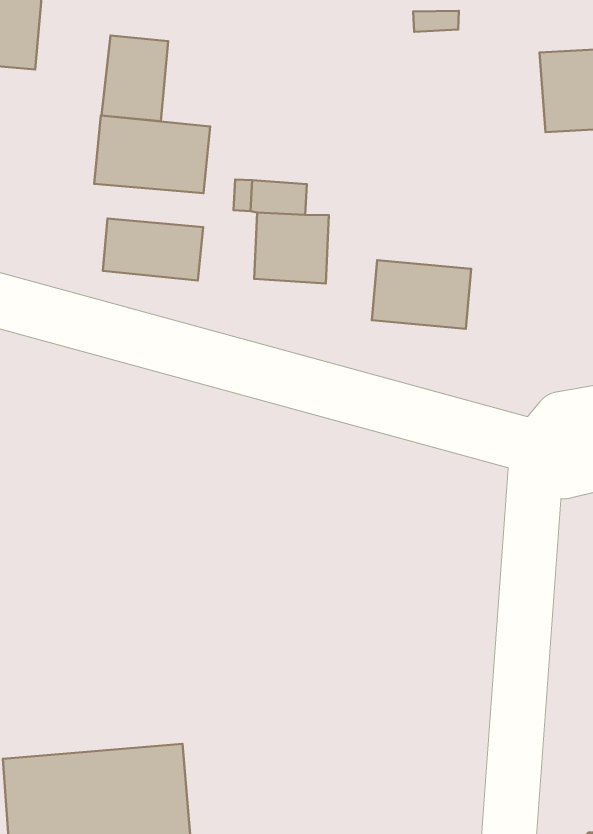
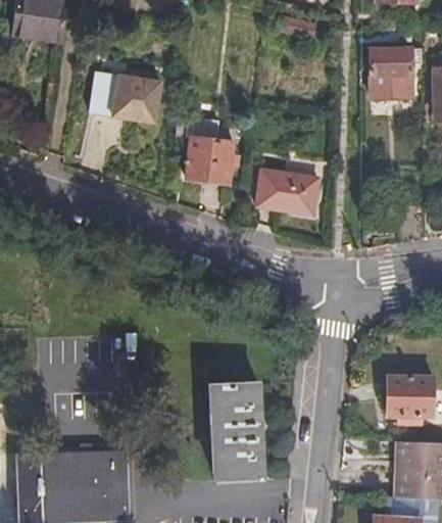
building: [101,36,168,121] -> none
building: [103,219,203,281] -> none
building: none -> [215,385,266,480]

